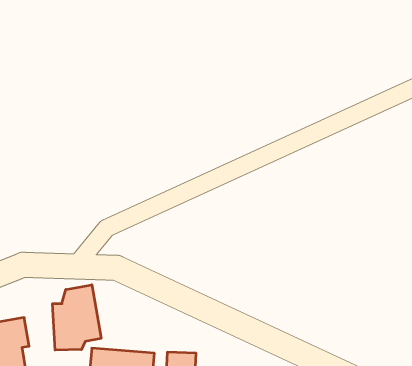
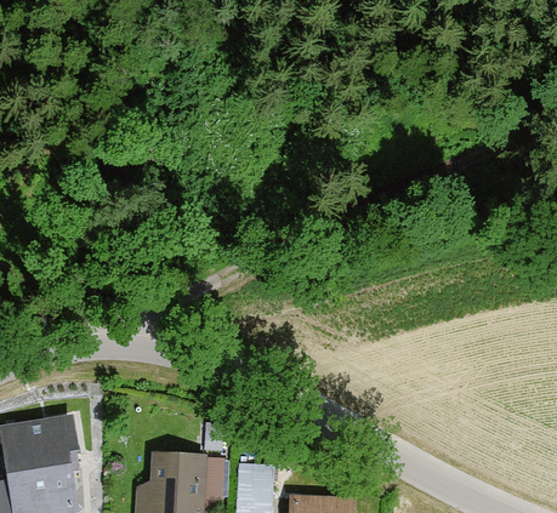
building: [53,285,101,350] -> none

